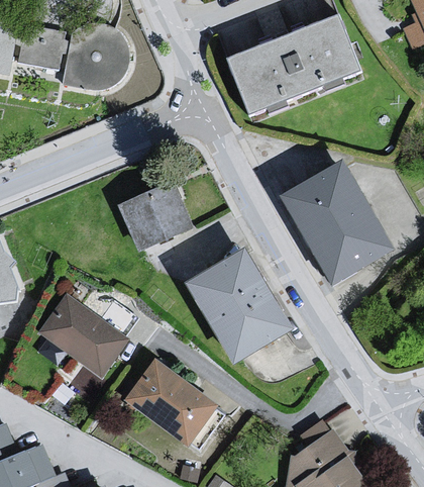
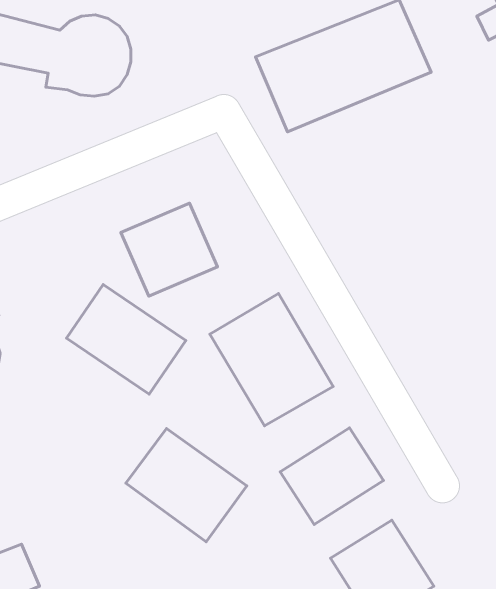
building: [280,157,394,283] -> none
building: [37,290,132,377] -> [66,285,186,394]
building: none -> [280,428,384,525]

